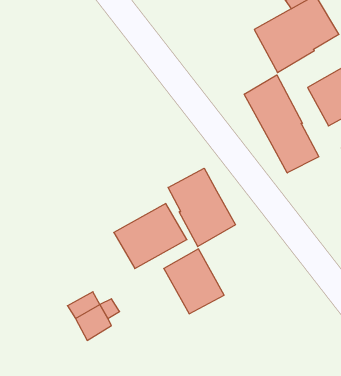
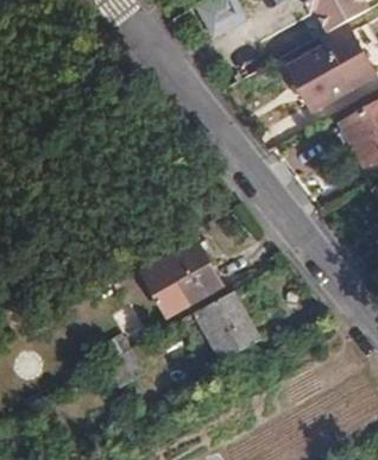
building: [244,75,319,173] -> none
building: [168,168,235,247] -> none

